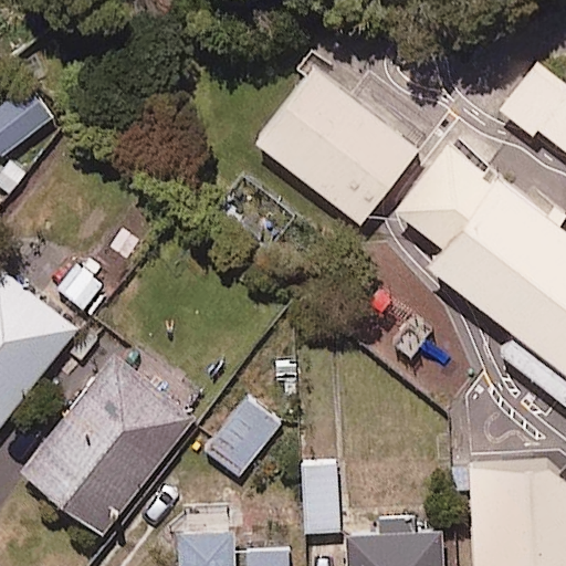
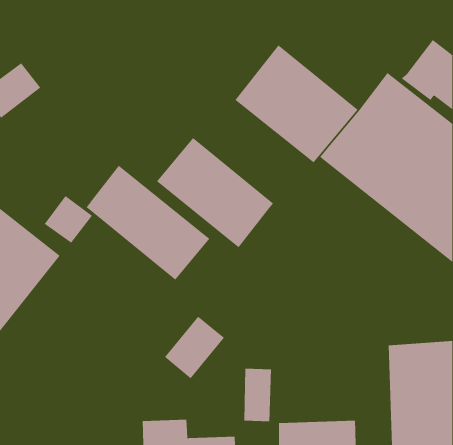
building: none -> [156,137,274,248]
building: none -> [86,165,210,280]
building: [18,356,192,536] -> none

